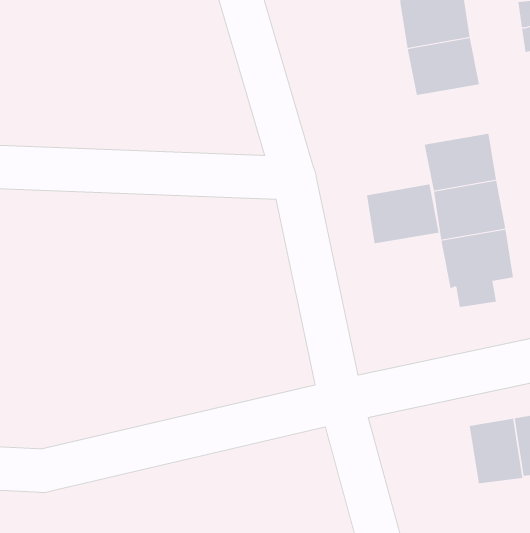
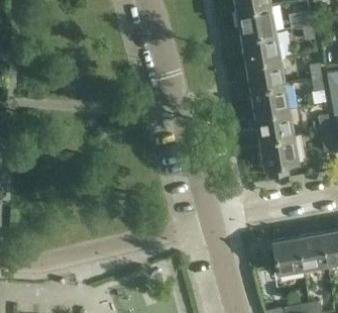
building: [366,184,439,244] -> [245,59,285,91]

